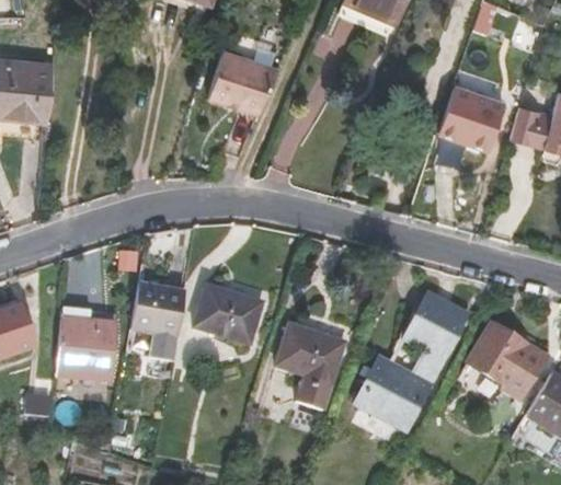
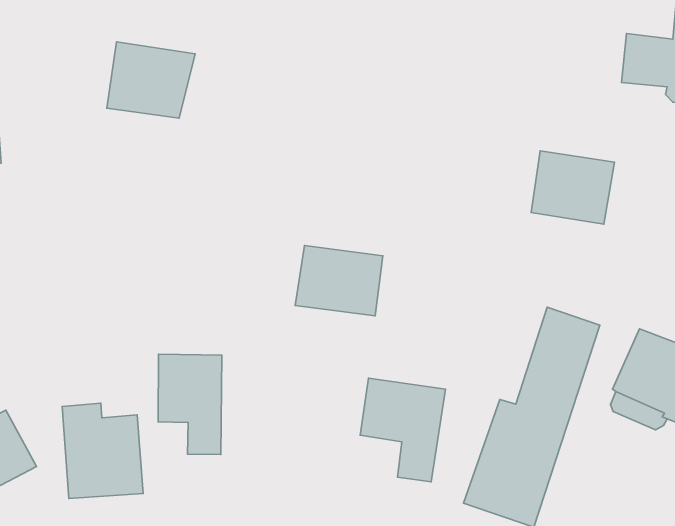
building: [208,55,279,118] -> [107,42,195,118]
building: [438,85,505,147] -> [531,151,614,224]
building: [193,282,263,343] -> [295,245,383,316]

